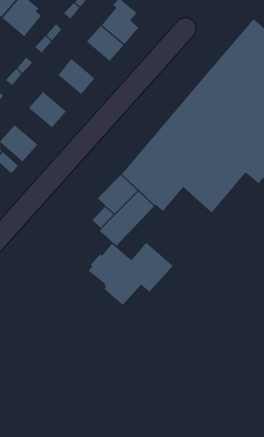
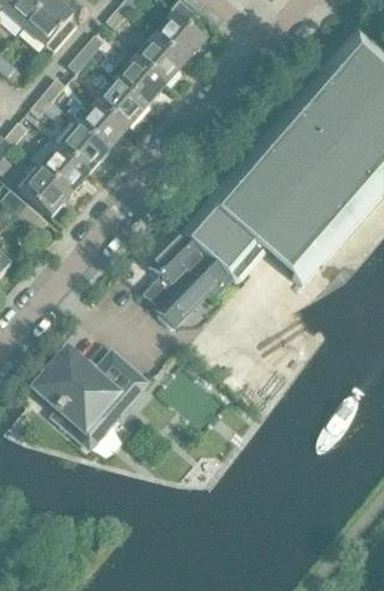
building: none -> [109,52,166,107]
building: none -> [78,102,128,150]
building: none -> [40,145,90,194]
building: [88,242,173,305] -> [36,350,149,434]

